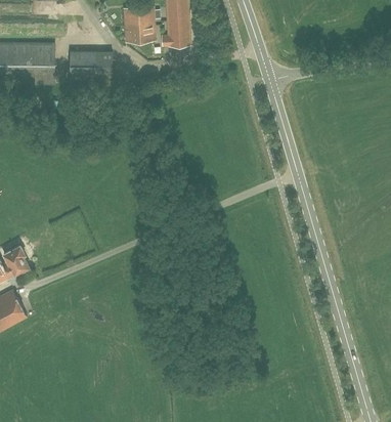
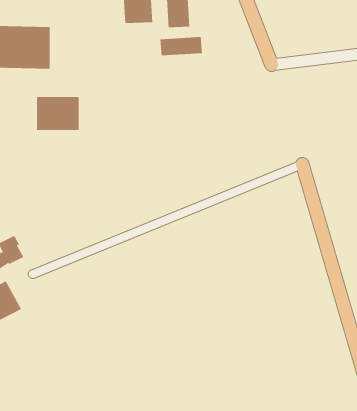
building: [70,51,112,84] -> [36,97,80,130]
building: none -> [160,36,203,56]

